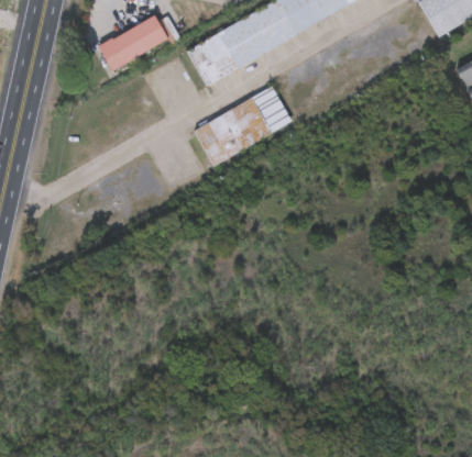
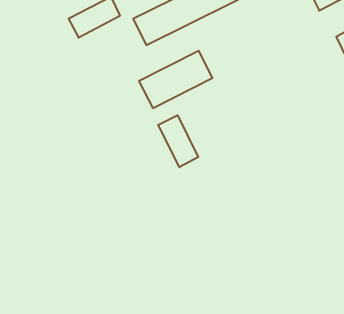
building: none -> [158,115,198,167]

